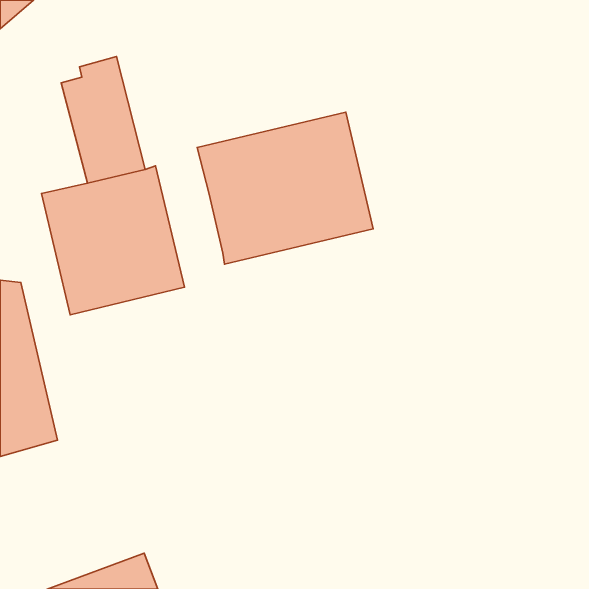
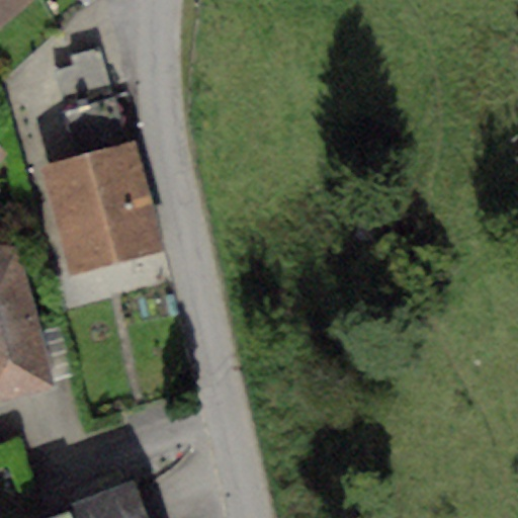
building: [197,112,373,264] -> none

